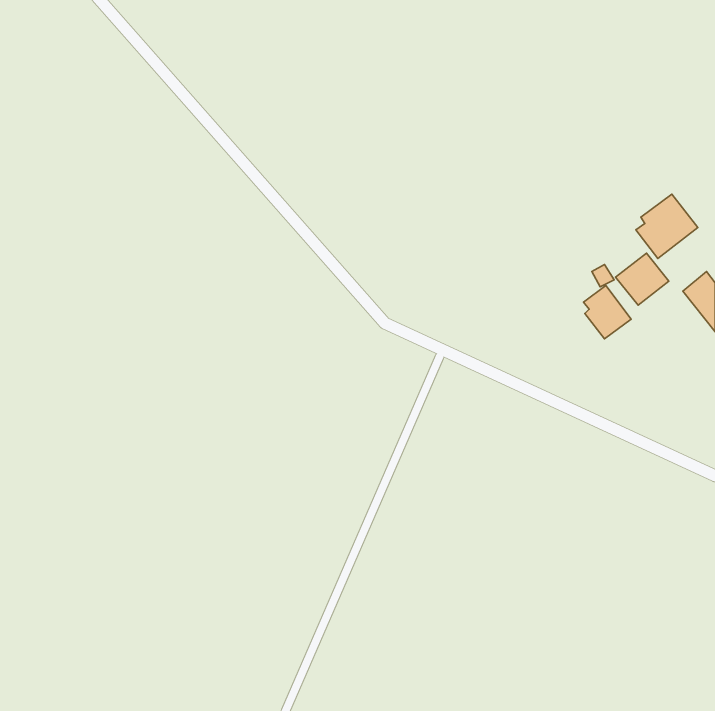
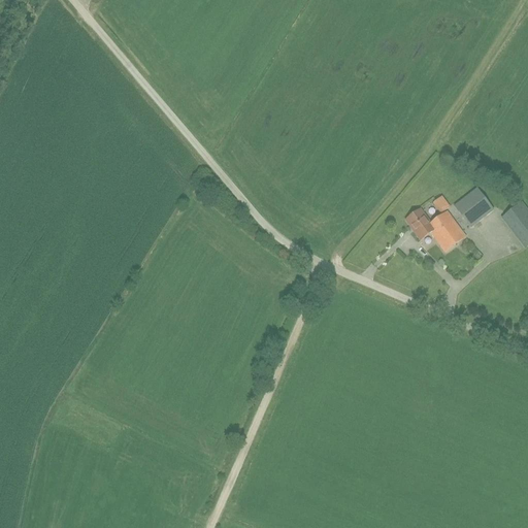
building: [636,194,698,258] -> none
building: none -> [406,208,434,238]

